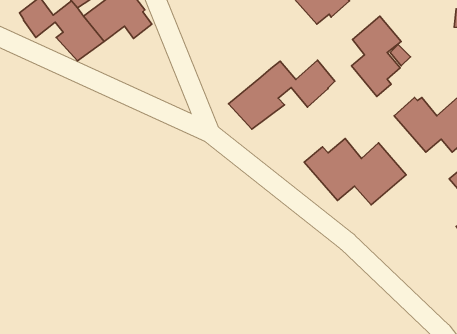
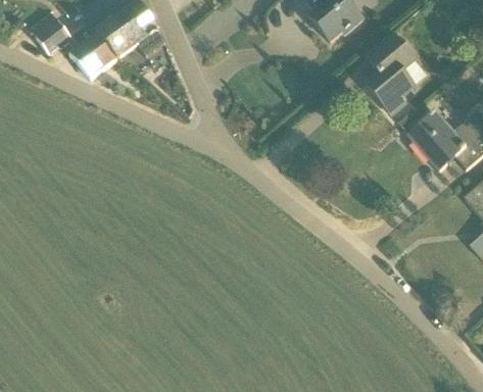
building: [229,60,335,129] -> none
building: [304,139,406,205] -> none

